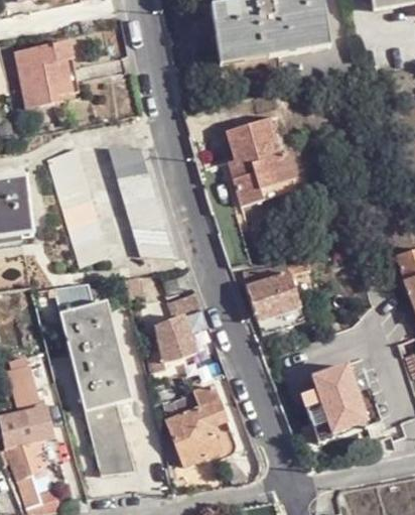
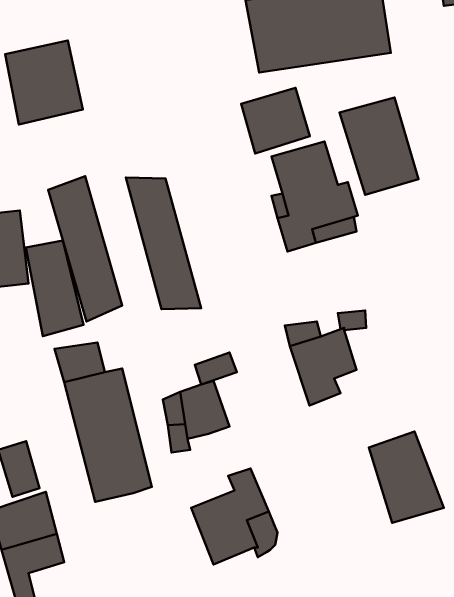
building: none -> [241,88,310,154]
building: none -> [339,97,419,195]
building: none -> [26,240,83,336]
building: [86,406,133,479] -> none

